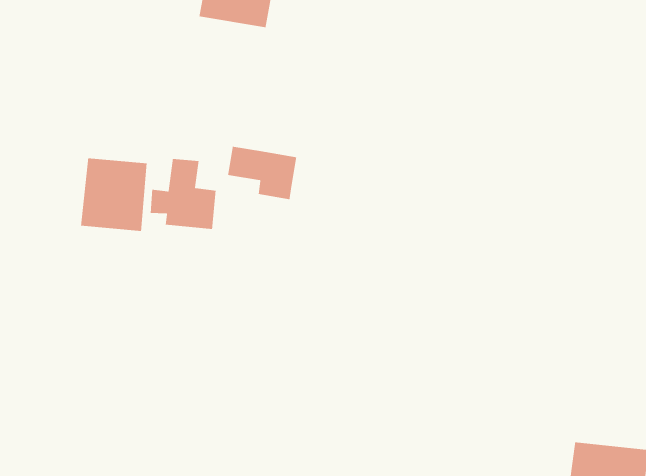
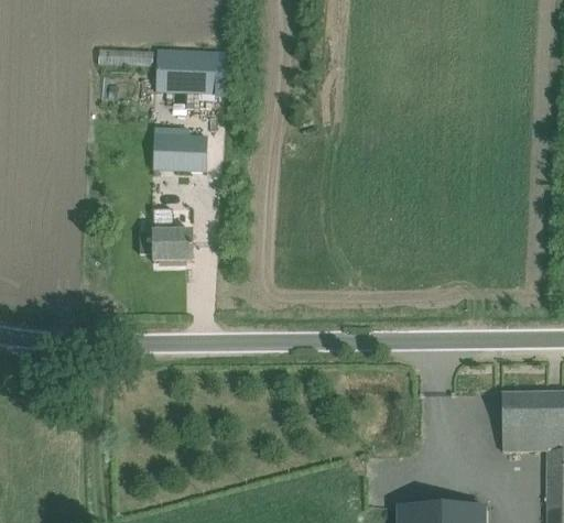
building: [227,146,297,200] -> [153,134,207,172]
building: [80,157,148,232] -> none

